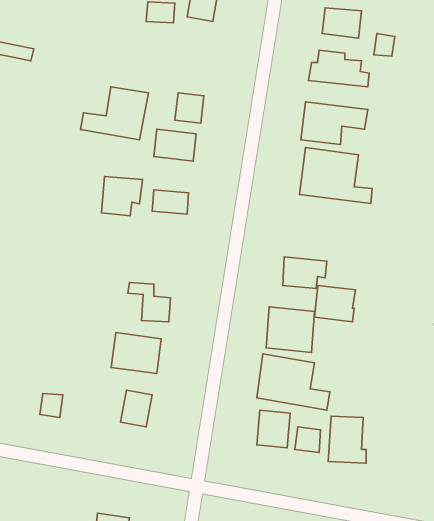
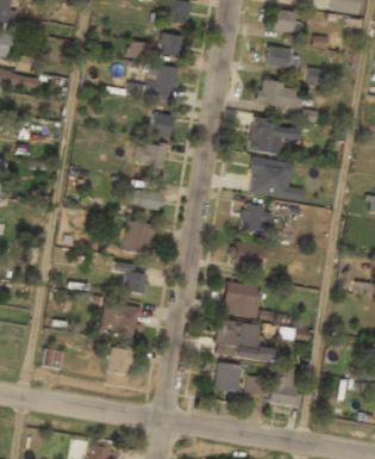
building: [80,87,149,140] -> [125,62,179,104]
building: [101,176,142,216] -> [124,222,156,253]
building: [315,285,356,322] -> [240,206,273,235]

